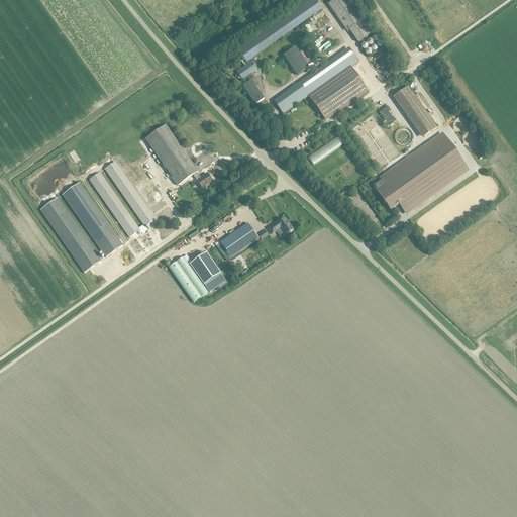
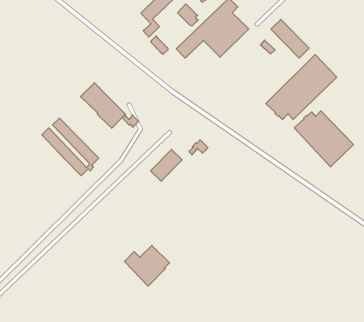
building: [63,182,123,255] -> none
building: [40,197,101,271] -> none
building: none -> [294,111,353,167]
building: [169,251,224,301] -> [124,245,170,286]

